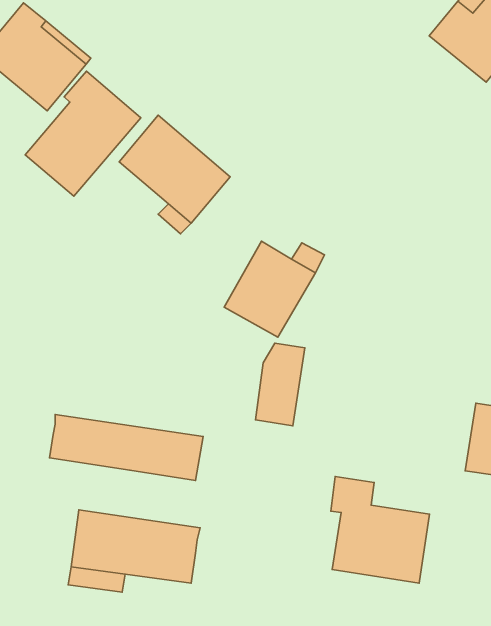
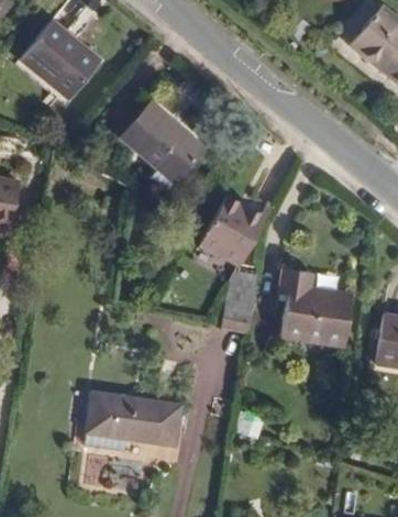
building: [25,71,141,196] -> none
building: [50,414,203,480] -> none
building: [331,477,430,583] -> [280,267,353,345]

